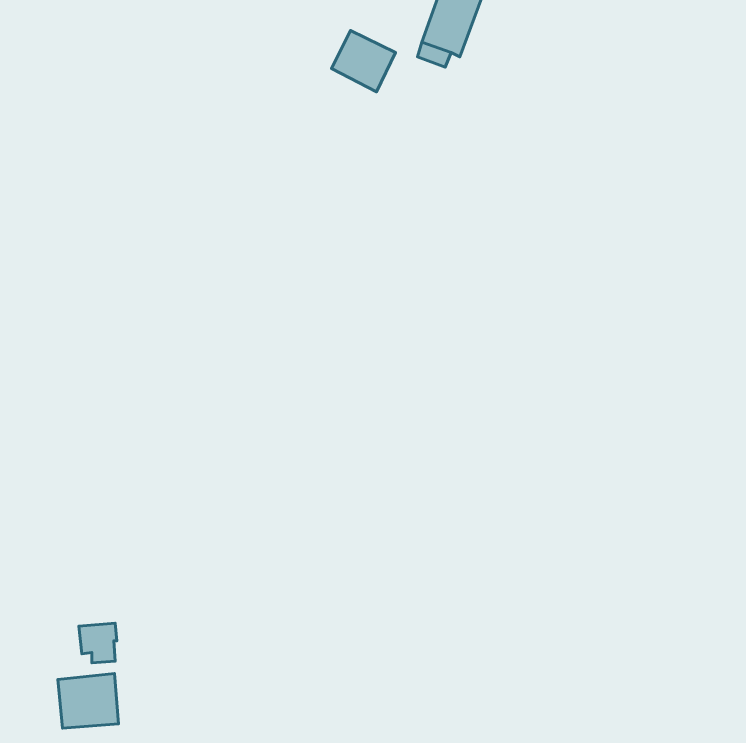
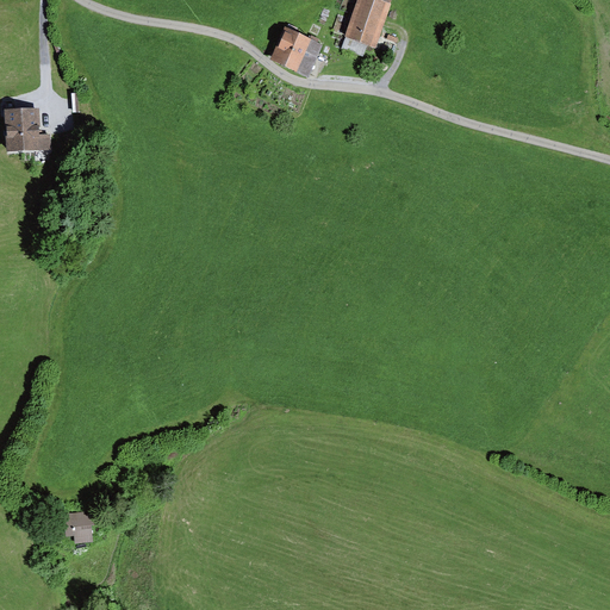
building: none -> [5,106,50,150]
building: [58,673,118,728] -> none

